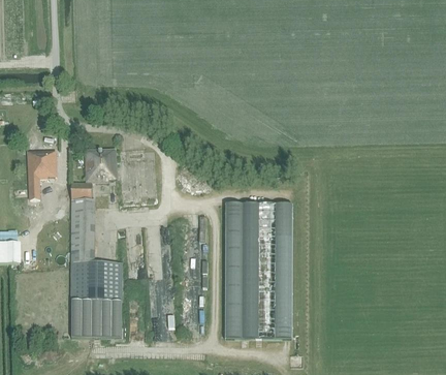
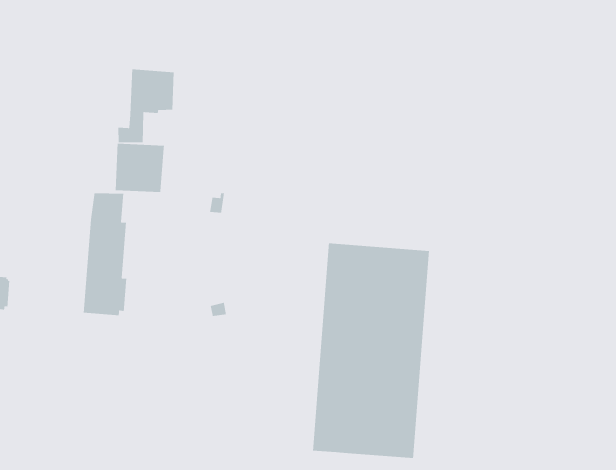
building: [21,150,56,198] -> [118,69,175,143]
building: [69,260,122,336] -> none

